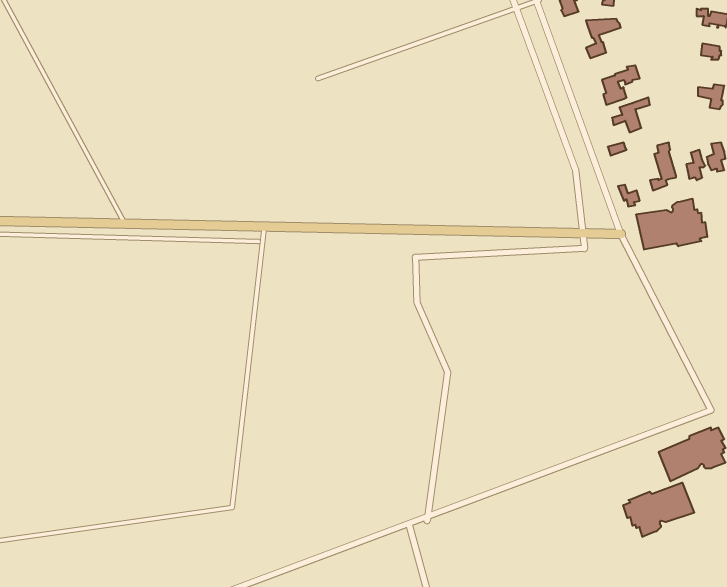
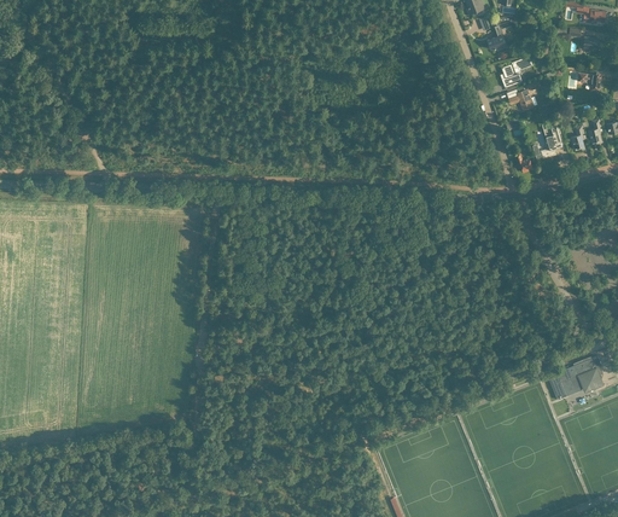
building: [636,199,707,250] -> none
building: [623,483,694,537] -> none

